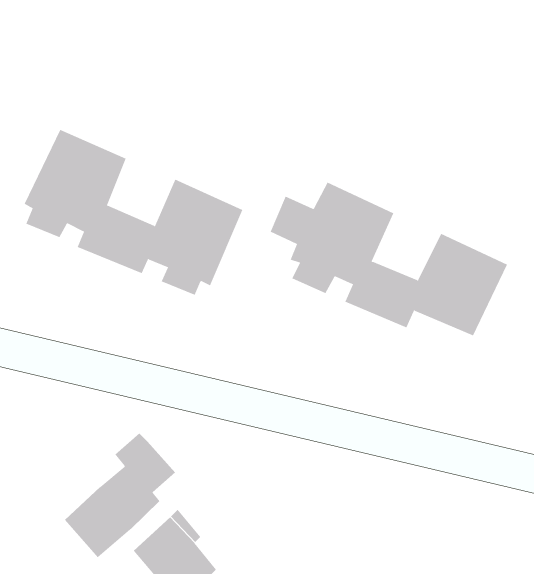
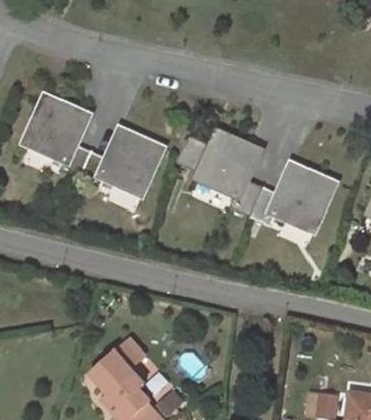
building: [64,432,176,558] -> none

